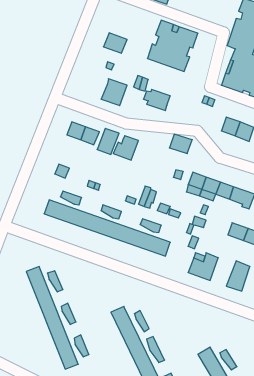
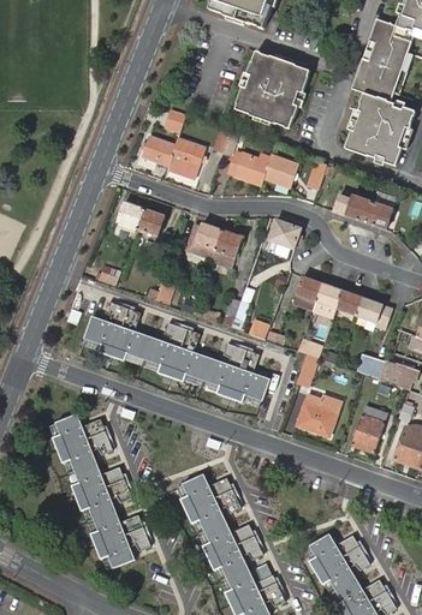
building: [103,33,127,53] -> [141,135,176,165]
building: none -> [263,155,297,186]
building: [97,128,119,154] -> [209,228,242,267]

